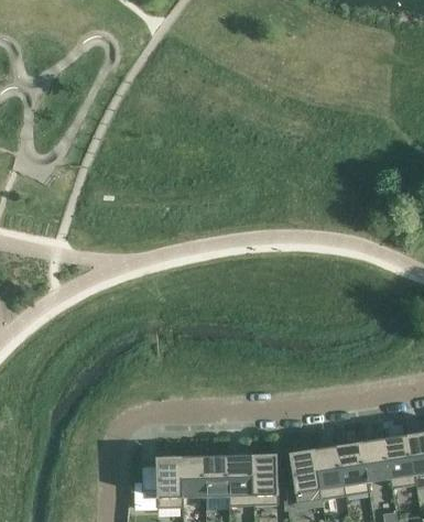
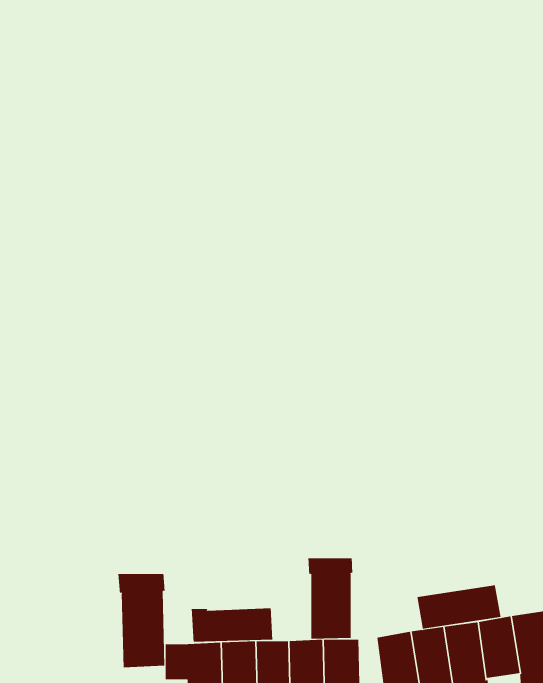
building: none -> [308,557,353,639]
building: none -> [118,573,165,668]
building: none -> [417,585,501,630]
building: none -> [191,607,273,642]

